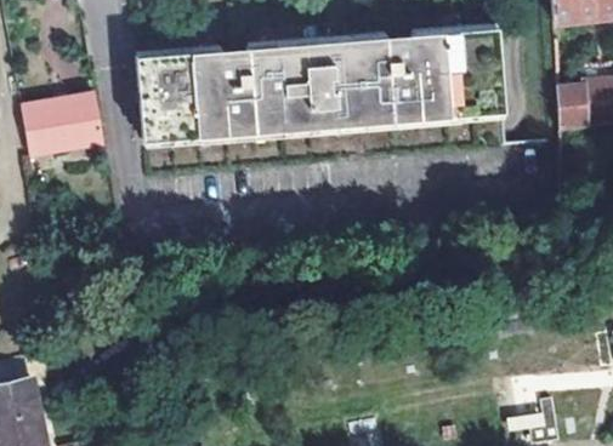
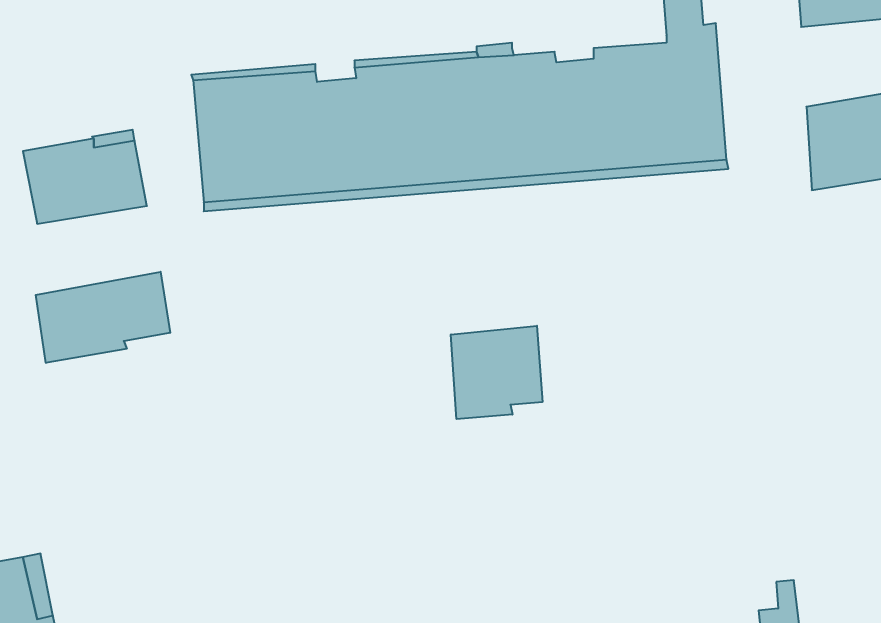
building: none -> [36,272,170,363]
building: none -> [451,326,542,419]

